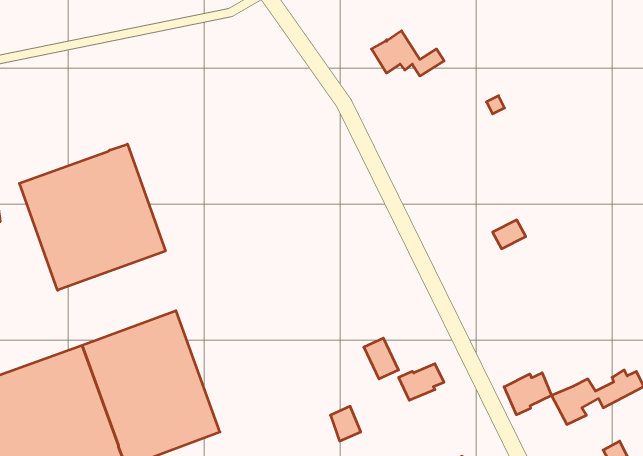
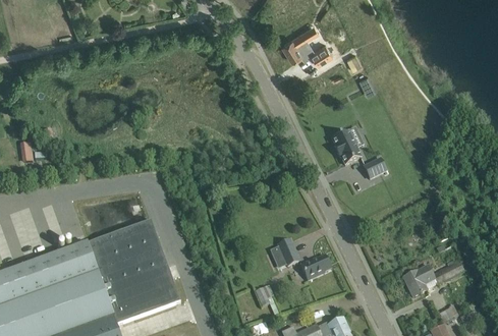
building: [19,144,165,290] -> none
building: none -> [331,129,359,162]
building: [504,373,552,415] -> none

